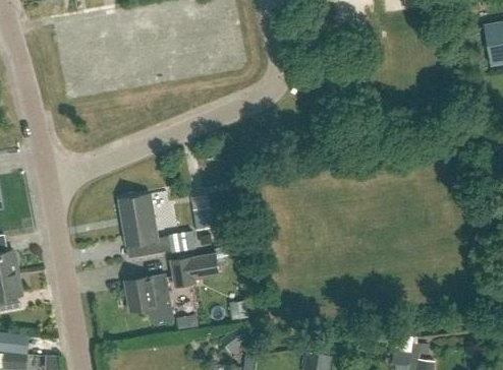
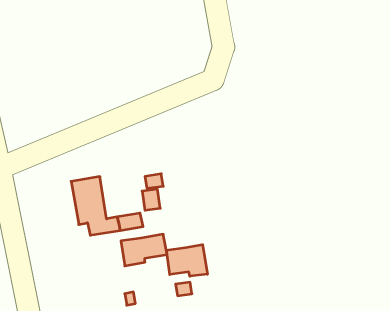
building: none -> [166,245,207,276]
building: [127,278,174,323] -> none

